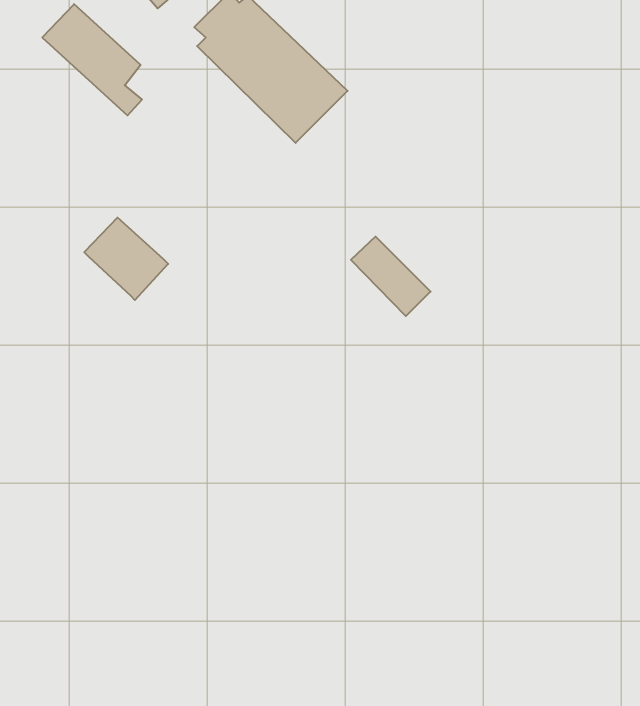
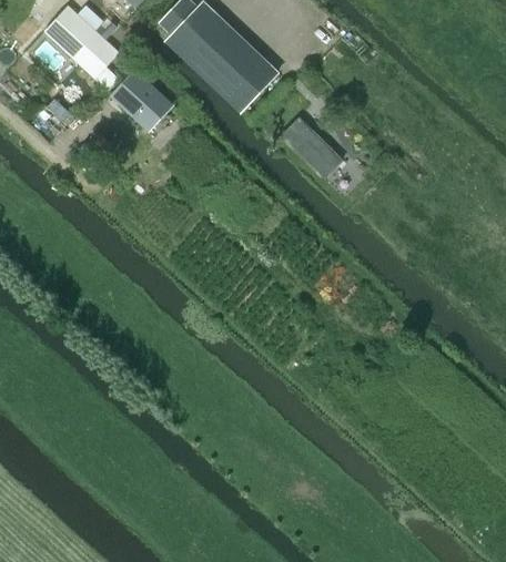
building: [84,218,168,300] -> [109,68,173,131]
building: [351,237,431,316] -> [281,116,342,177]

